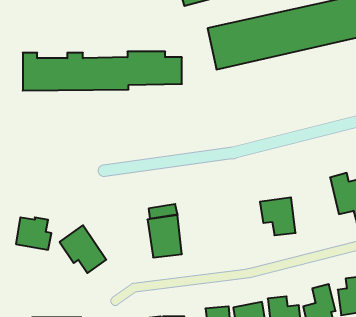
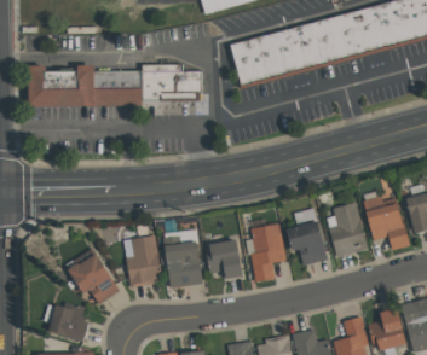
building: none -> [325,202,367,256]
building: none -> [248,219,284,281]
building: none -> [125,235,161,285]
building: none -> [206,239,242,279]
building: [16,217,51,250] -> [48,304,87,339]

